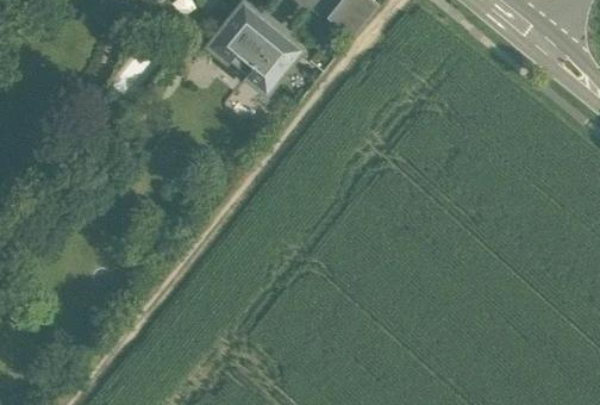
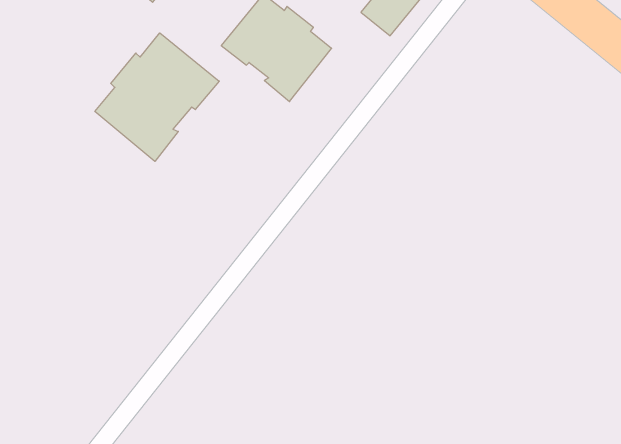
building: none -> [95,33,219,161]

